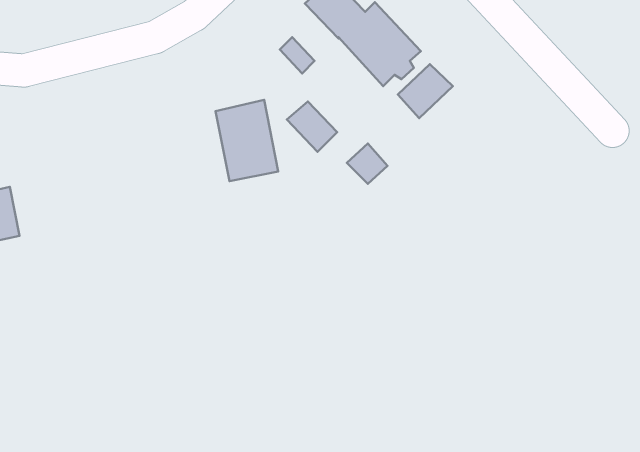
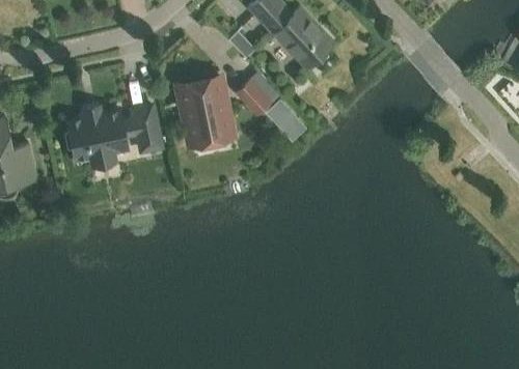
building: [398,64,453,118] -> none
building: none -> [66,105,161,166]

